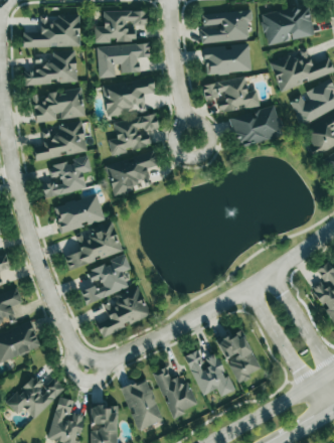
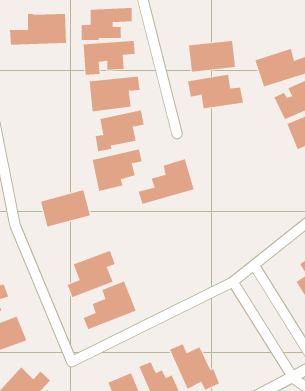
building: [261,7,314,46] -> none
building: [200,11,253,43] -> none
building: [24,51,76,85] -> none
building: [32,89,85,123] -> none
building: [229,107,282,147] -> none
building: [33,123,87,160] -> none
building: [41,157,92,198] -> none
building: [64,223,122,269] -> [138,159,194,204]
building: [216,330,262,383] -> none

